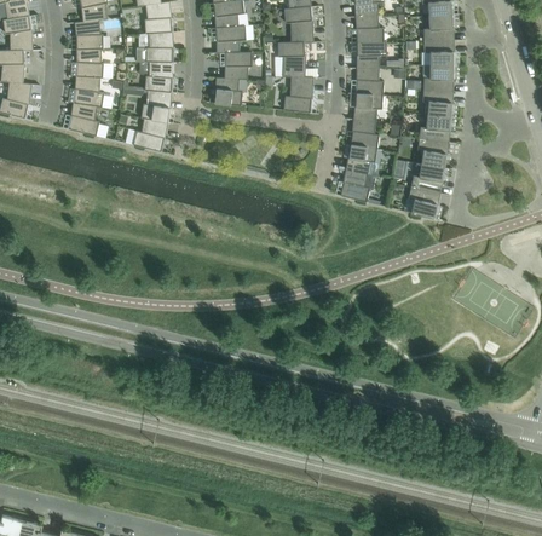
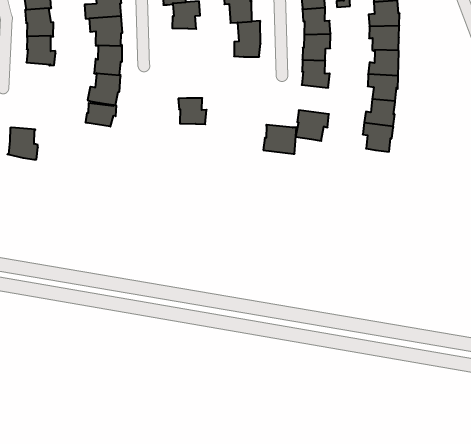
building: [215,77,243,105] -> [178,98,207,124]
building: [68,102,99,136] -> [7,128,38,160]
building: [346,144,381,175] -> [263,125,296,154]
building: none -> [86,103,116,127]

